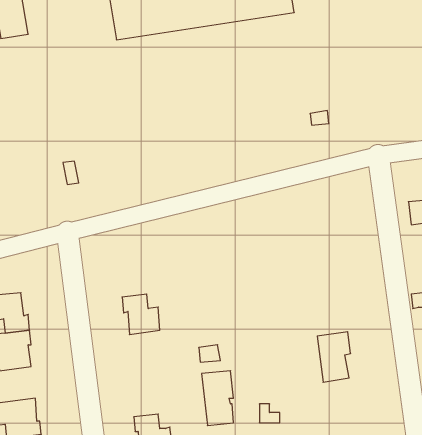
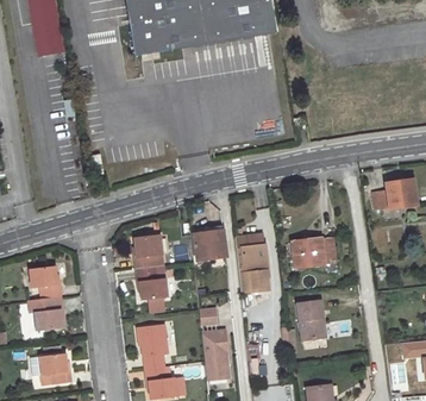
building: none -> [194,228,227,263]
building: none -> [136,234,163,269]
building: none -> [236,234,269,292]
building: none -> [289,236,337,269]
building: none -> [138,324,169,368]

